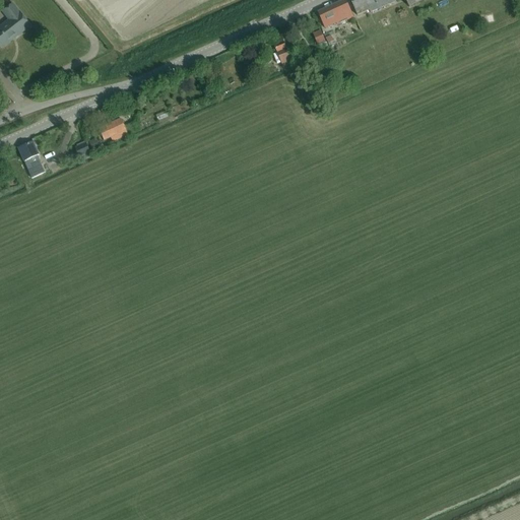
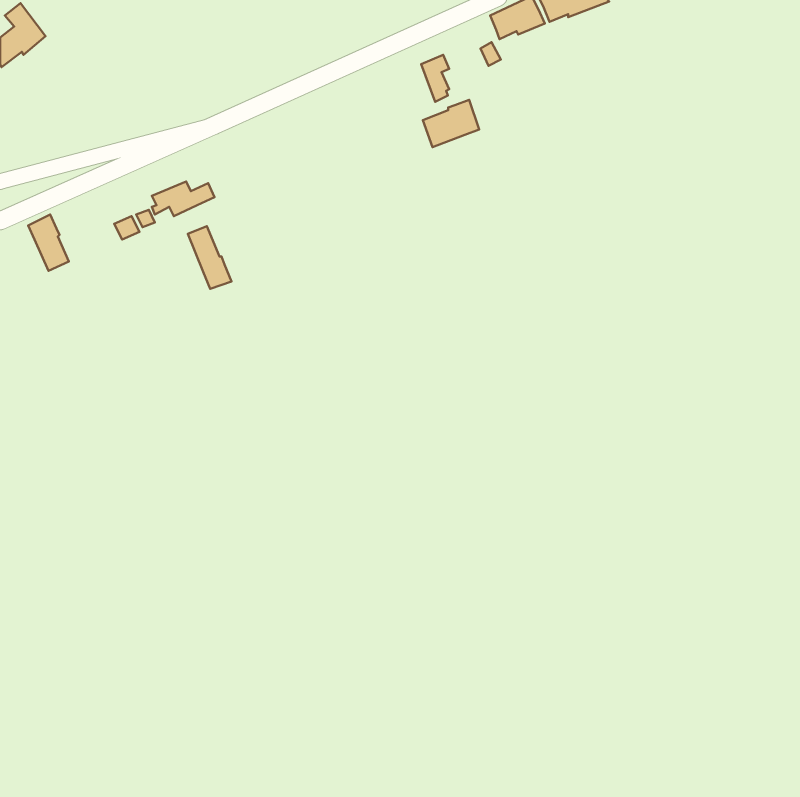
building: none -> [423,100,479,147]
building: none -> [188,226,232,289]

